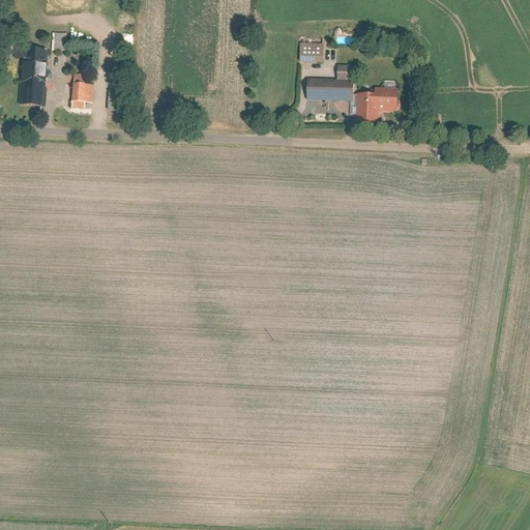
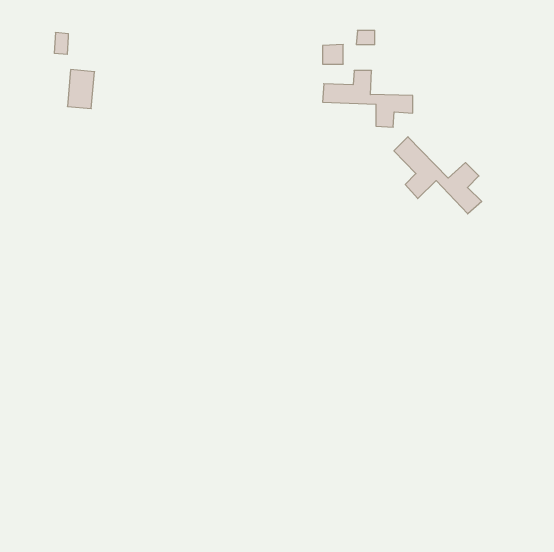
building: [23,50,45,101] -> none
building: none -> [394,137,482,214]

